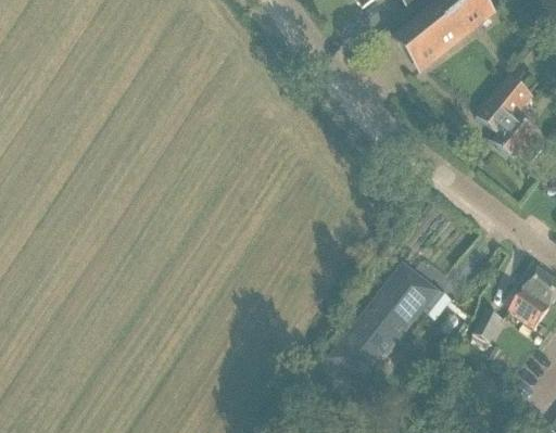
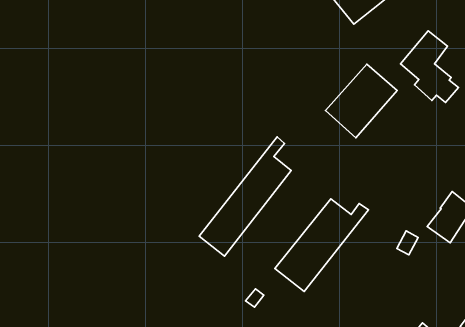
building: none -> [325,64,397,138]
building: none -> [199,137,291,256]

